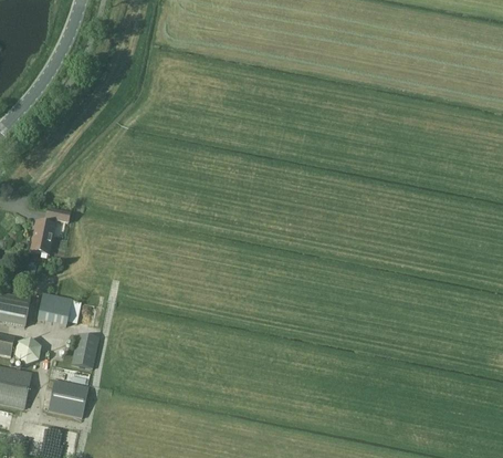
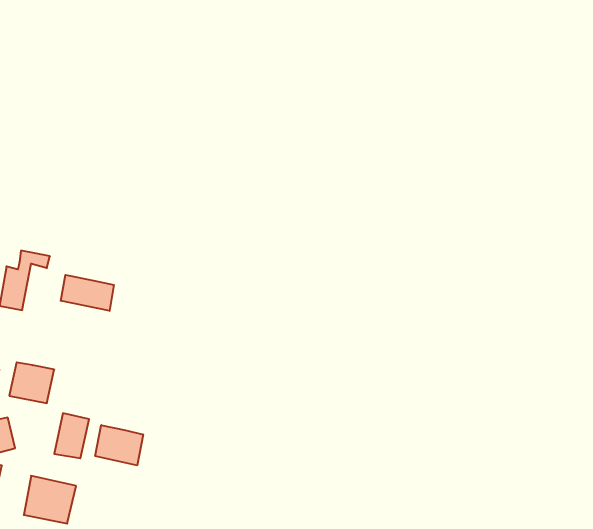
building: none -> [61,275,114,311]
building: none -> [95,425,143,465]

